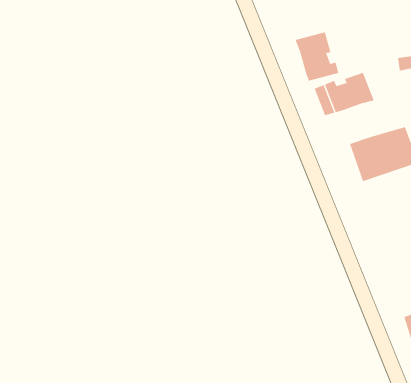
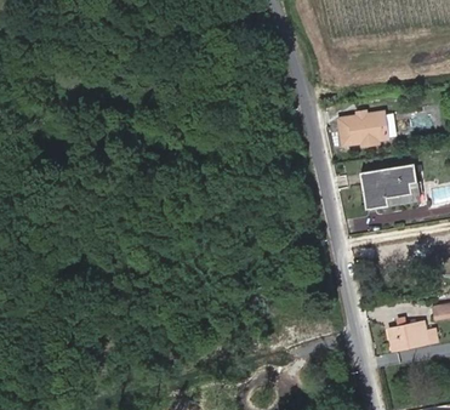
building: [295,31,339,81] -> none

